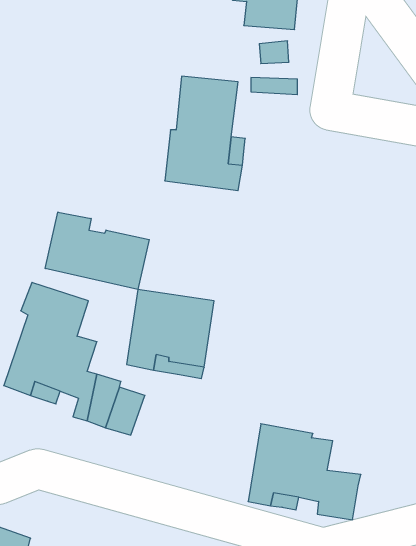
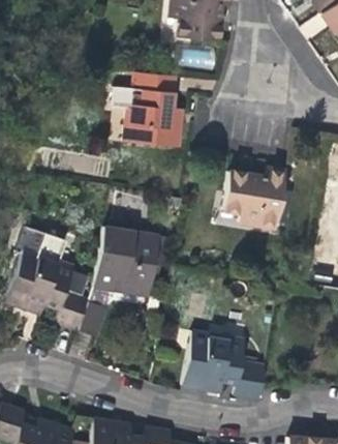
building: none -> [222,166,288,226]
building: [45,212,149,290] -> none

